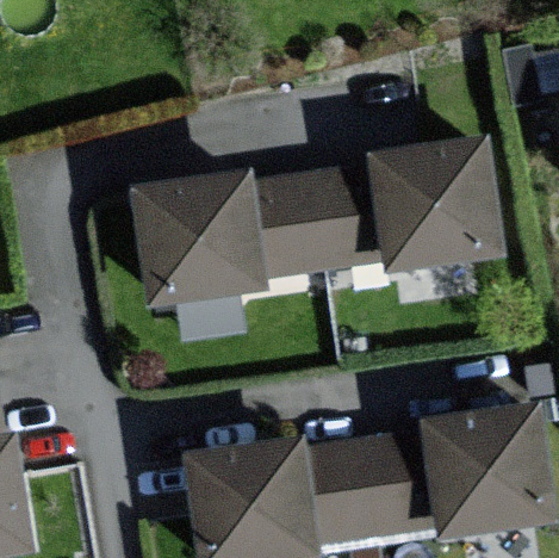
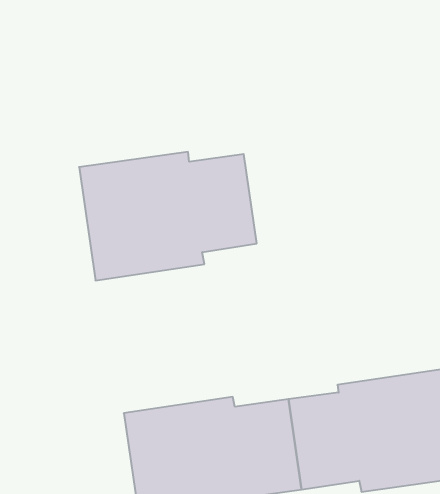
building: [313,136,504,271] -> none

